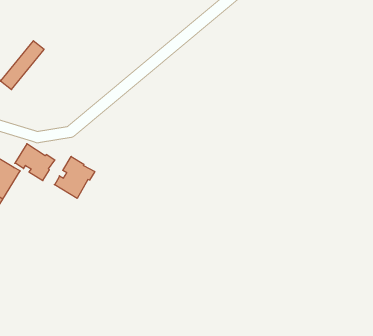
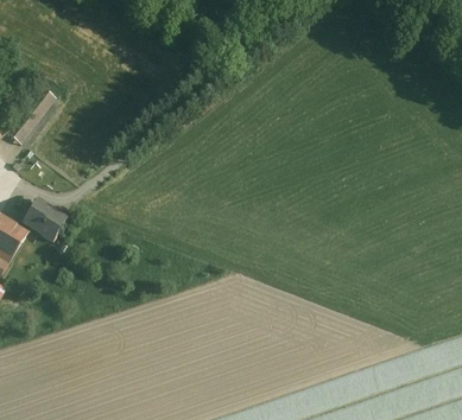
building: [54,156,95,198] -> none

